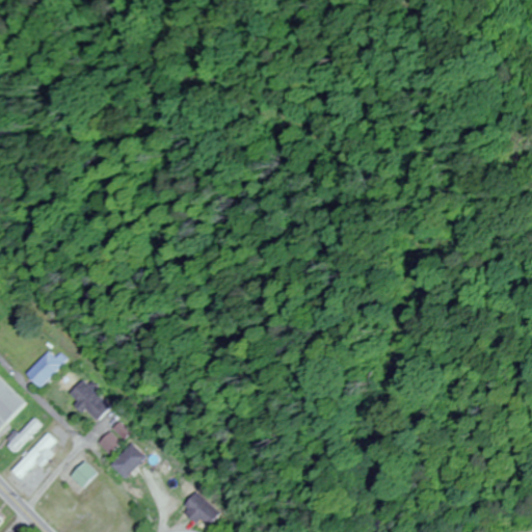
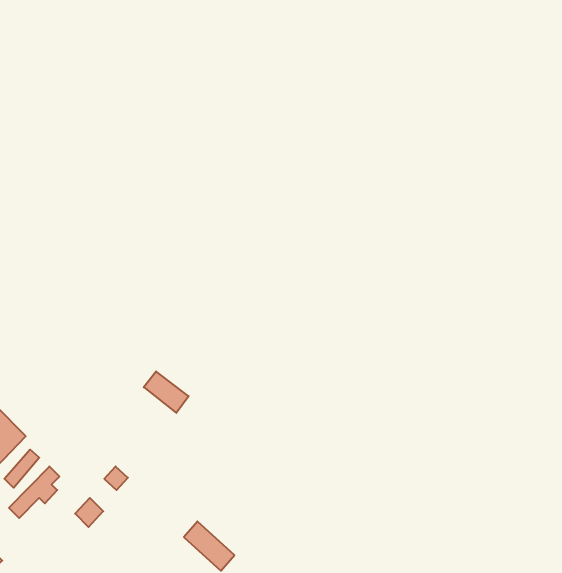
building: [27,351,65,388] -> none
building: [68,381,109,420] -> [144,371,189,413]
building: [110,443,145,479] -> none

